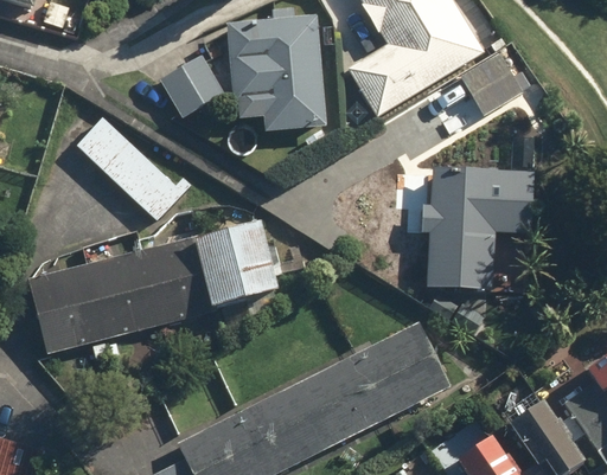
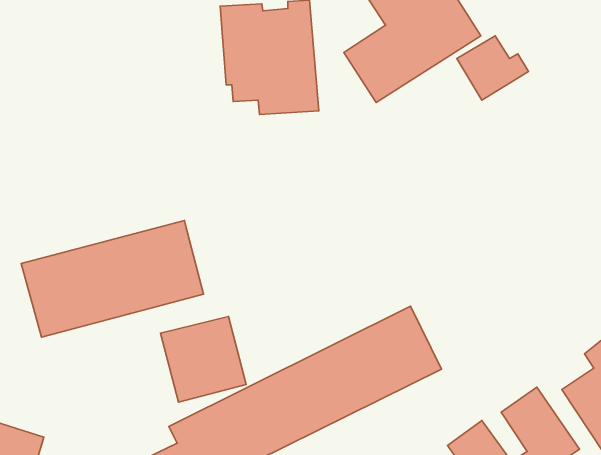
building: [161,54,225,118] -> none
building: [79,116,192,220] -> none
building: [422,166,533,291] -> none
building: [192,224,277,309] -> [161,316,246,402]

